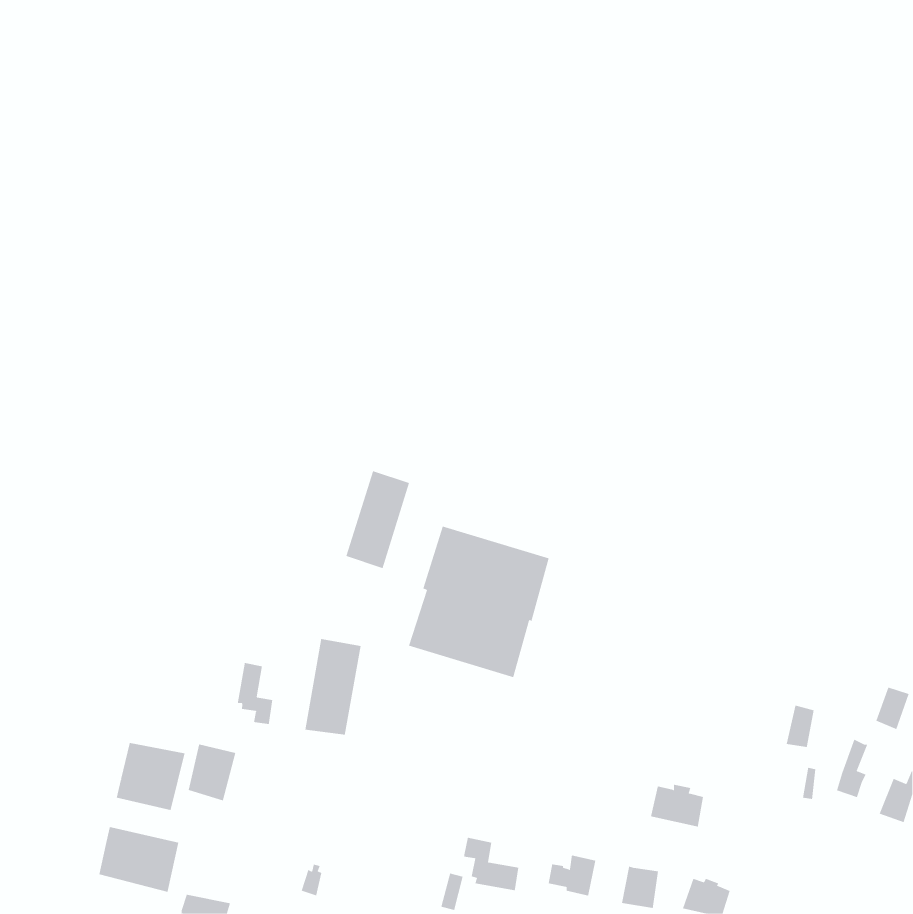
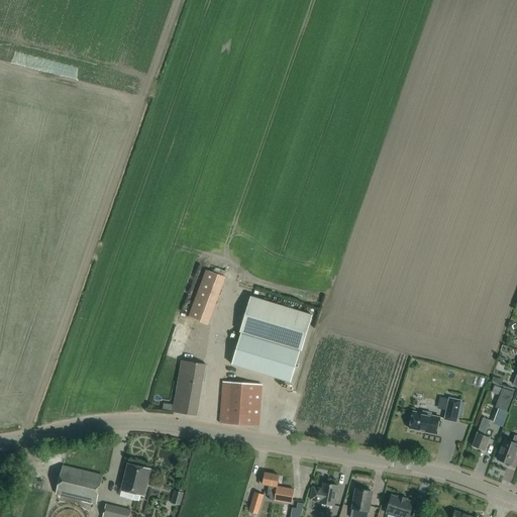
building: [237,662,273,725] -> none
building: none -> [218,383,261,426]
building: [116,742,185,811] -> none
building: [188,744,236,801] -> [121,463,148,496]
building: [650,784,704,827] -> [408,410,438,434]

